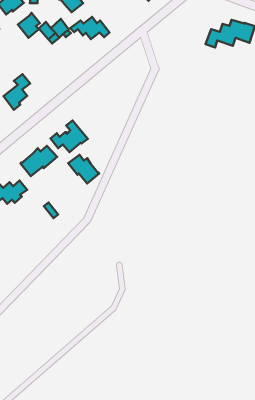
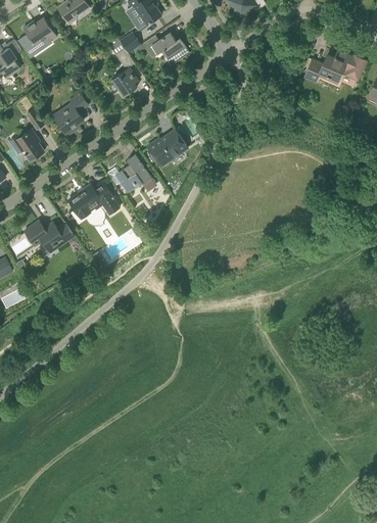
building: [18,13,40,38] -> [112,66,139,96]
building: none -> [147,129,188,165]
building: [68,155,99,183] -> none

